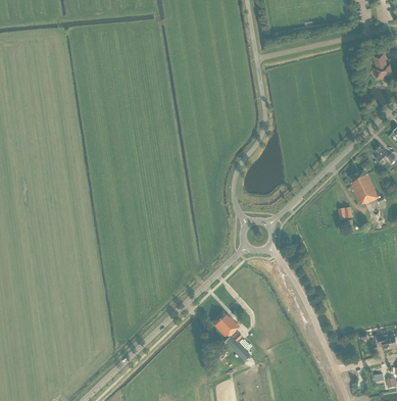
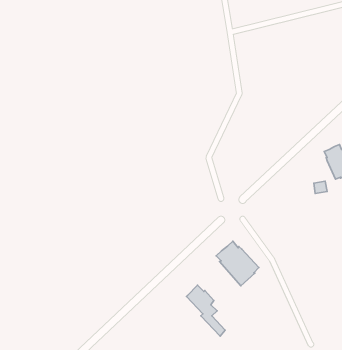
building: none -> [216,241,259,286]

